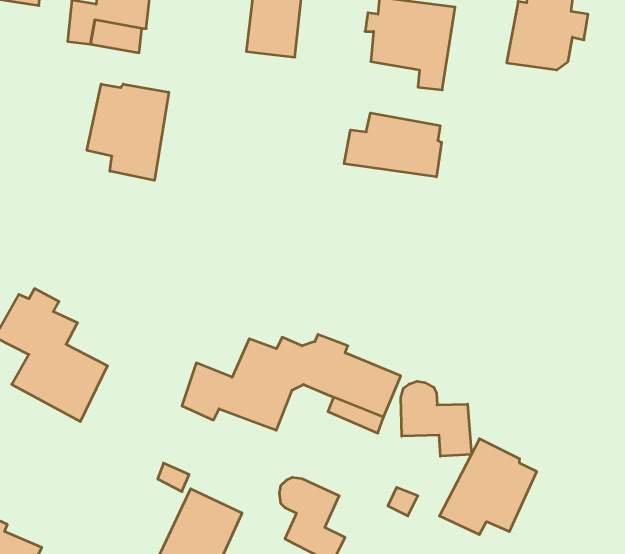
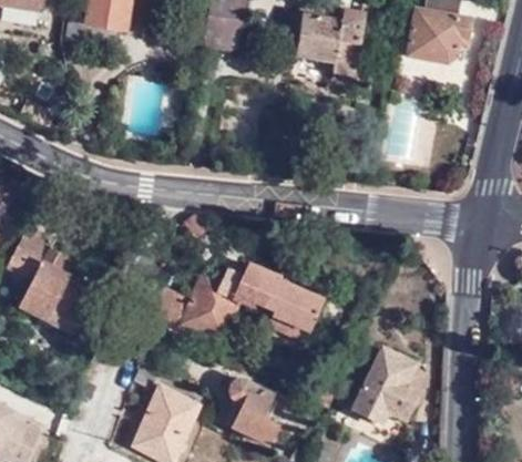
building: [87,84,169,180] -> none
building: [344,113,442,177] -> none
building: [401,381,471,456] -> none

